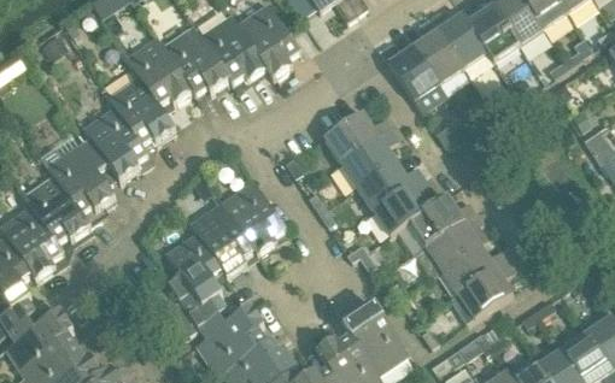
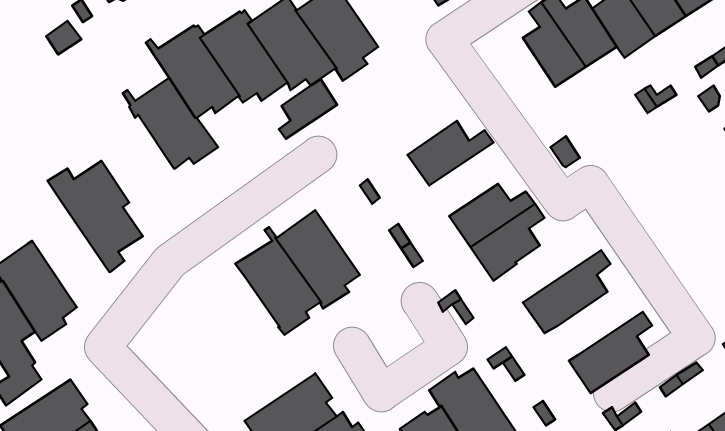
building: [380,42,447,113] -> none
building: none -> [279,79,337,139]
building: [82,105,147,181] -> none
building: [340,126,398,184] -> none
building: [17,175,92,247] -> none
building: [408,194,475,244] -> none
building: [164,231,228,346] -> none
building: [441,243,508,293] -> none

